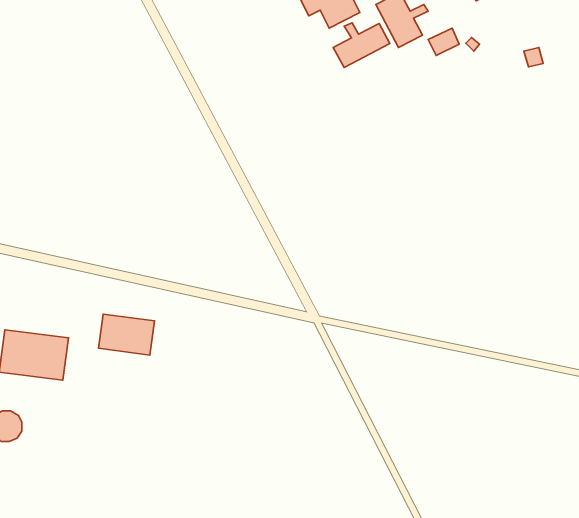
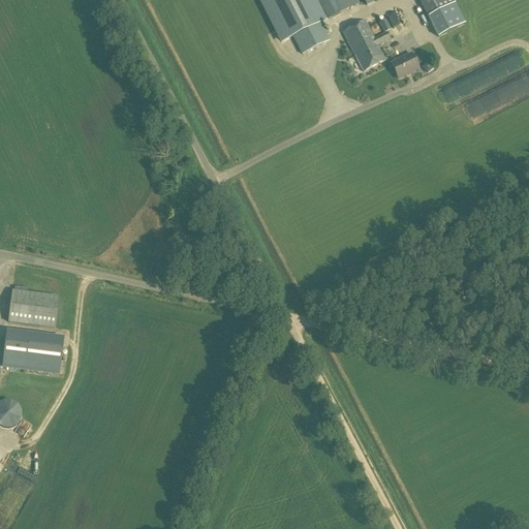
building: [333,23,390,68] -> none
building: [99,314,154,355] -> [7,288,58,325]

